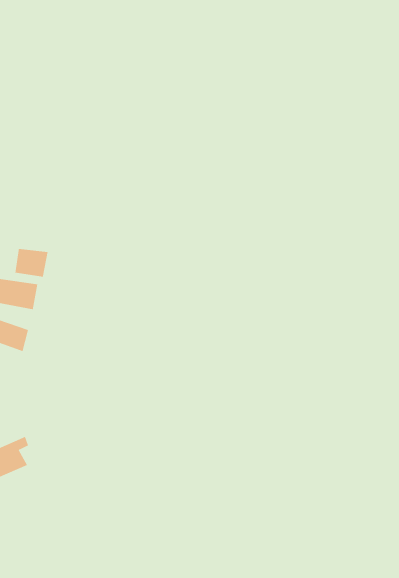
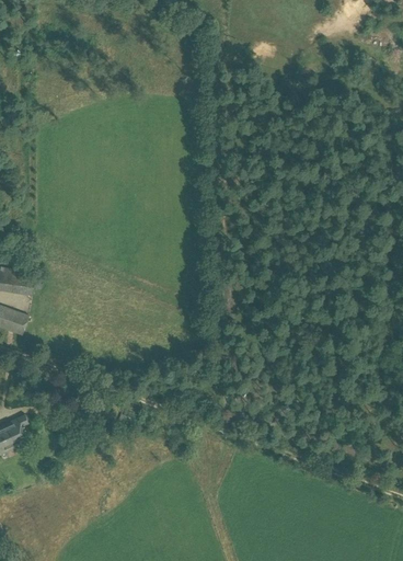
building: [15,248,48,277] -> none

